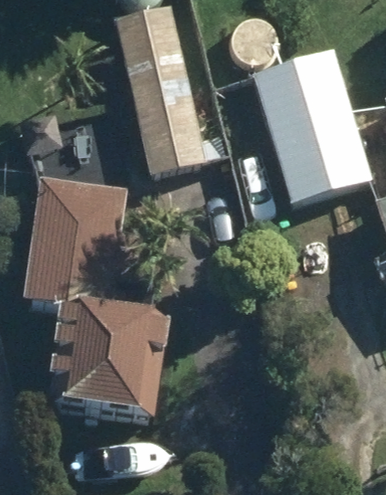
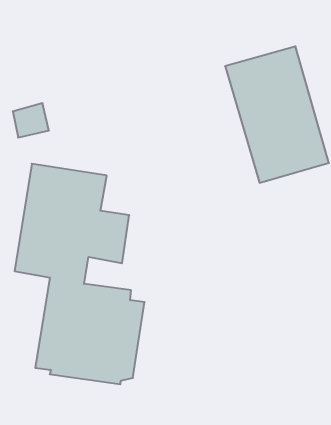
building: [112,8,229,177] -> none

